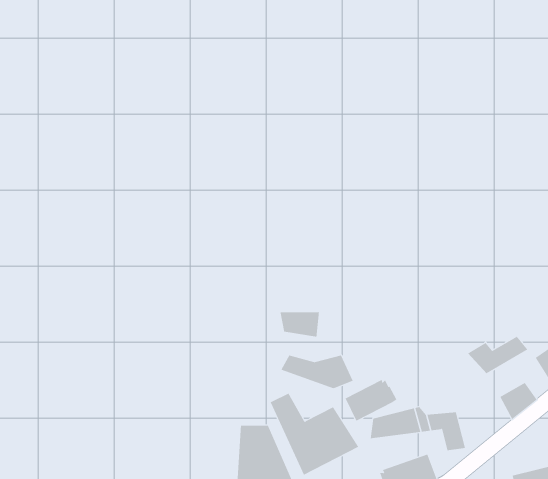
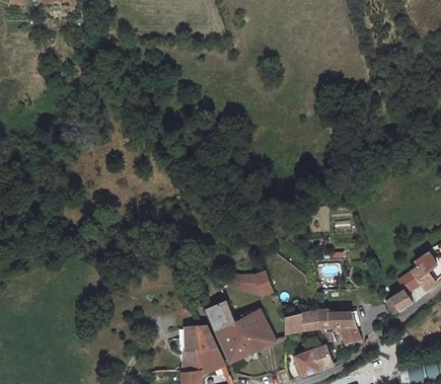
building: [280,311,320,338] -> none
building: [467,336,528,374] -> none
building: [345,379,397,421] -> none

